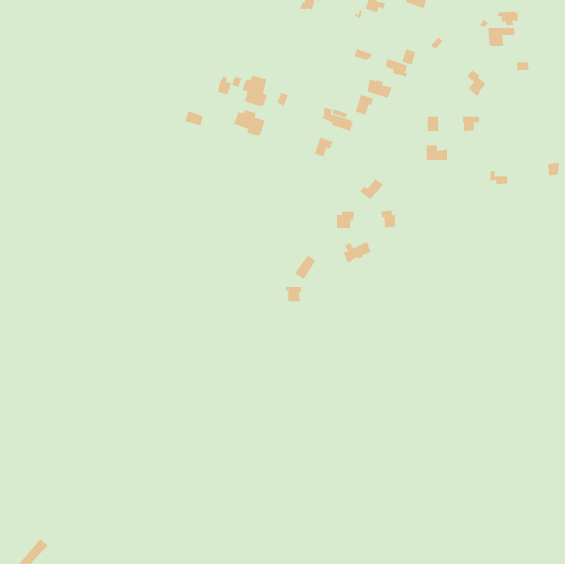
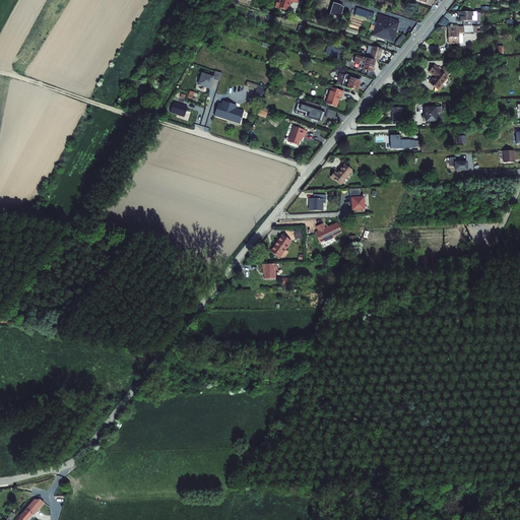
building: none -> [373,14,399,42]
building: [242,75,268,107] -> none

